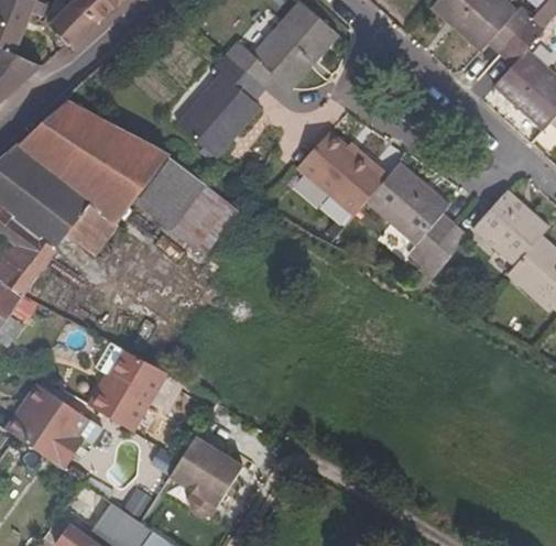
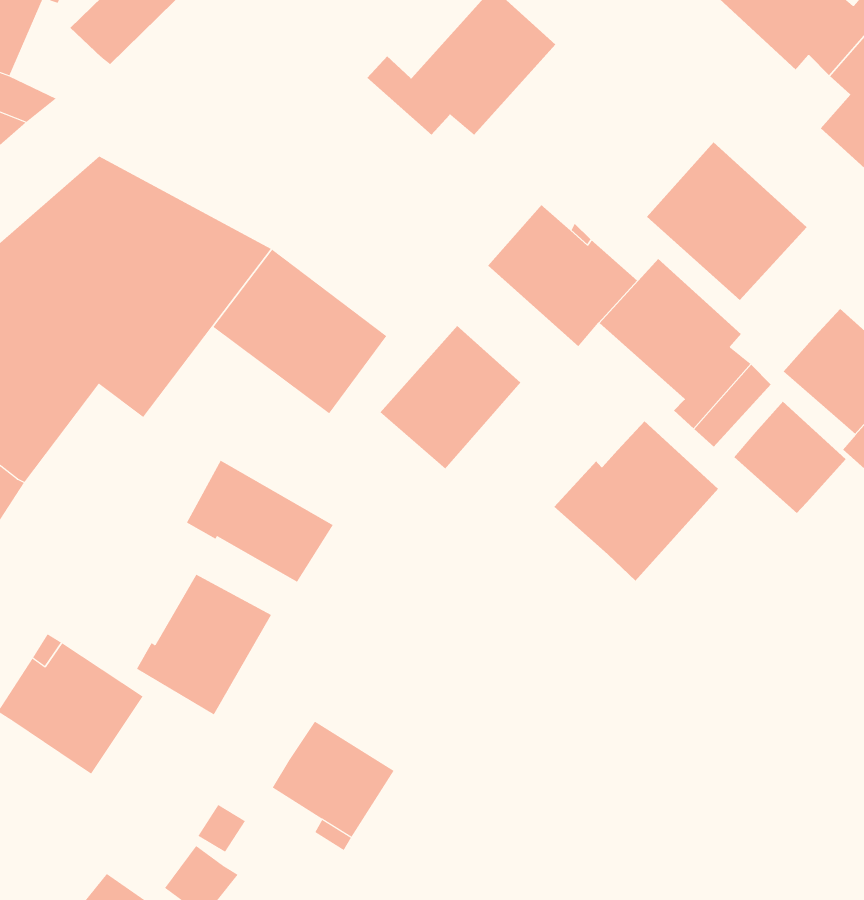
building: [176,55,264,159] -> none
building: none -> [646,142,807,301]
building: none -> [380,325,521,469]
building: none -> [733,401,846,514]
building: none -> [554,420,719,582]
building: none -> [186,460,333,583]

